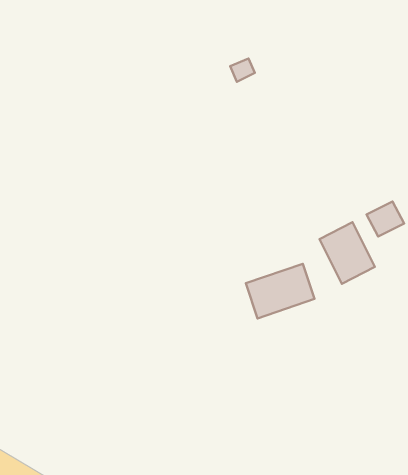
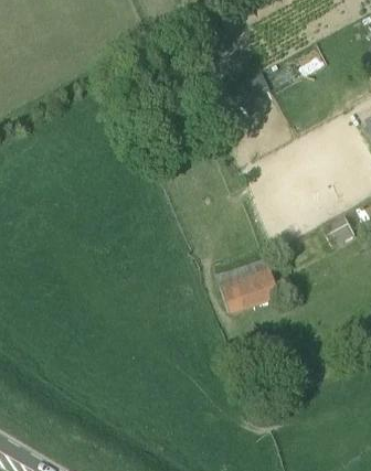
building: [320,222,375,284] -> none

